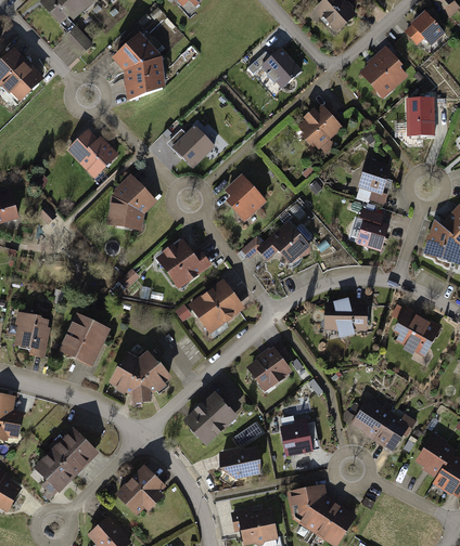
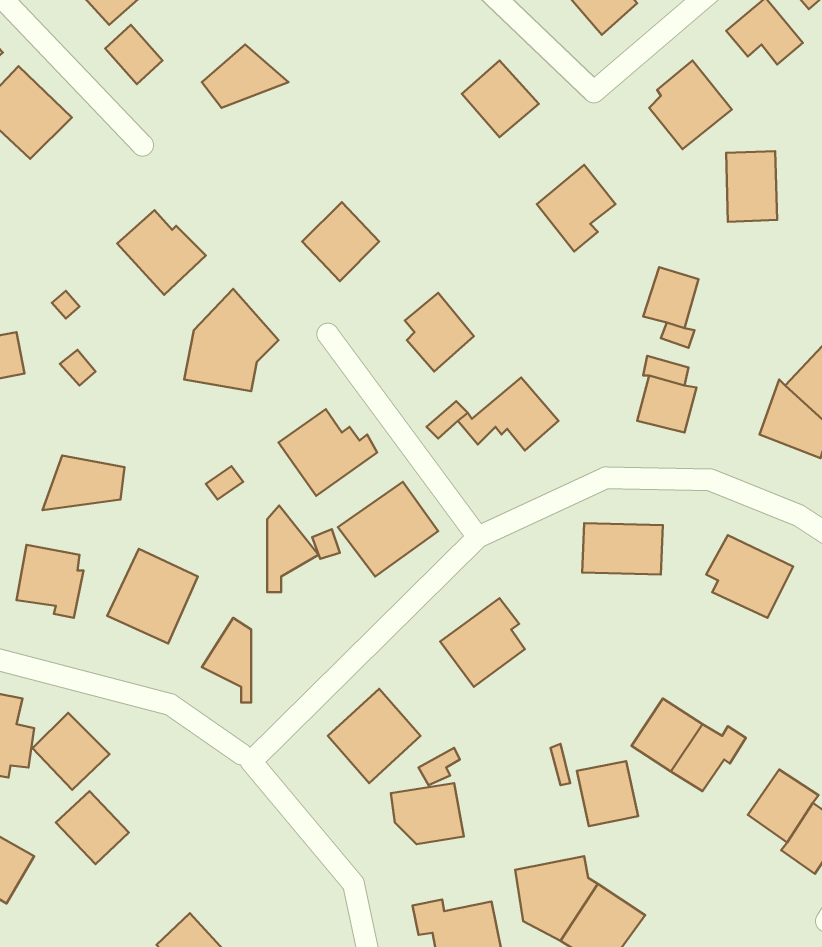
building: [125,58,163,101] -> none
building: none -> [42,456,124,510]
building: [141,352,169,400] -> [267,505,319,592]
building: [276,420,309,456] -> [577,761,638,826]
building: [52,429,94,471] -> [33,713,109,790]
building: [117,465,167,514] -> none

